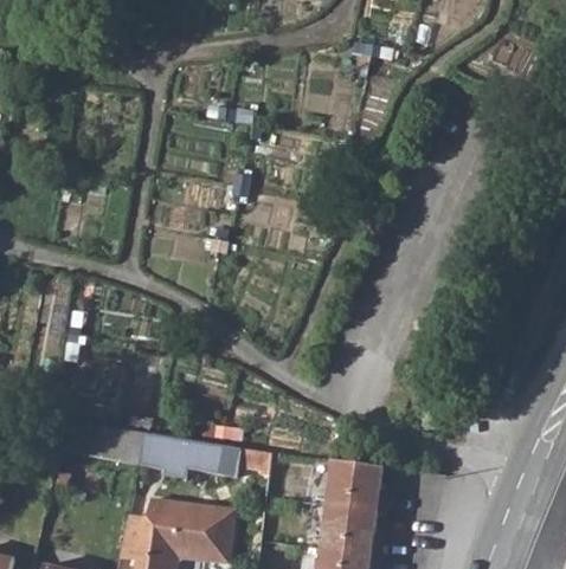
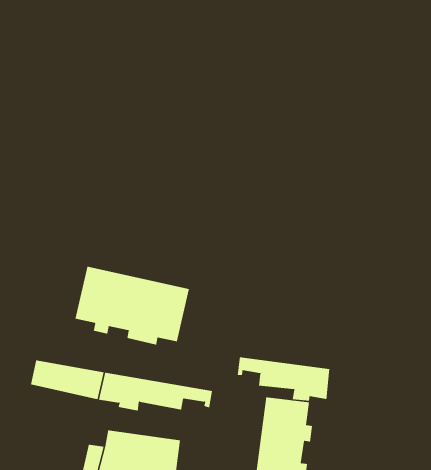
building: none -> [75,266,190,346]
building: none -> [237,357,330,402]

